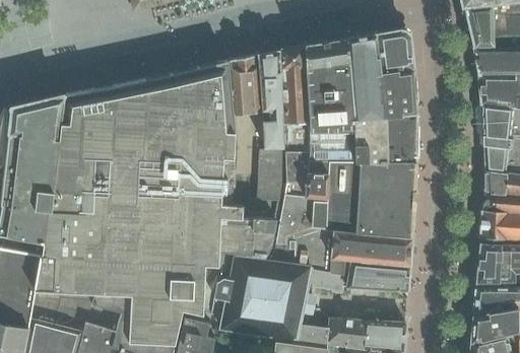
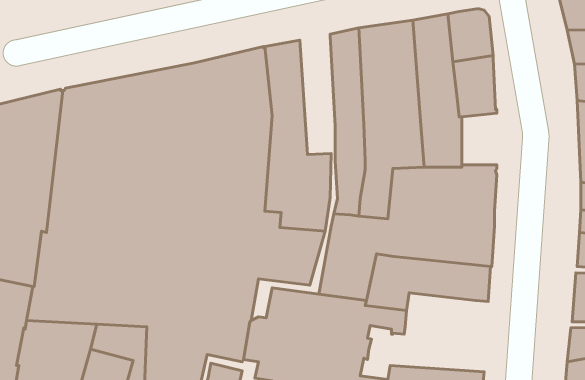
building: [257,52,282,149] -> none
building: [388,116,416,157] -> none
building: [345,262,409,291] -> none

